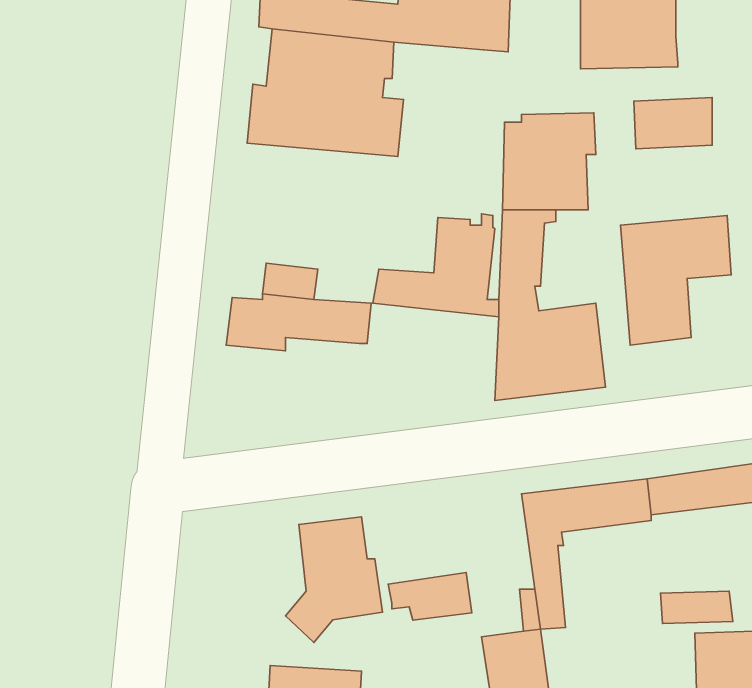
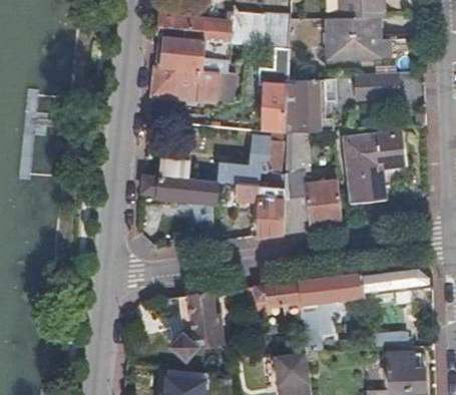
building: none -> [259,47,288,131]
building: none -> [235,182,283,236]
building: [388,573,472,620] -> [254,281,298,306]

